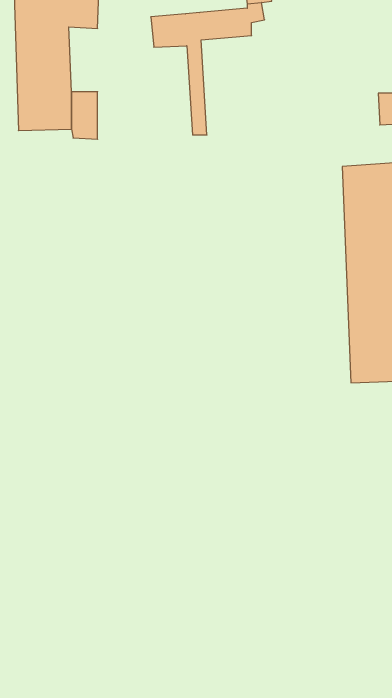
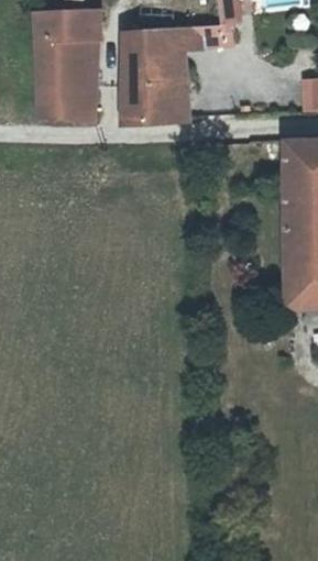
building: none -> [112,30,162,121]
building: none -> [67,37,89,87]

